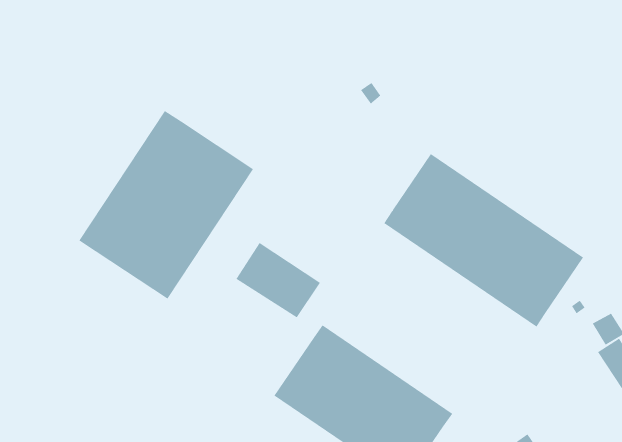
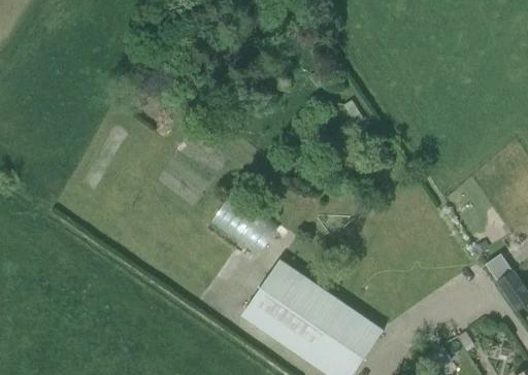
building: [78,110,254,299] -> none
building: [383,153,584,328] -> none

